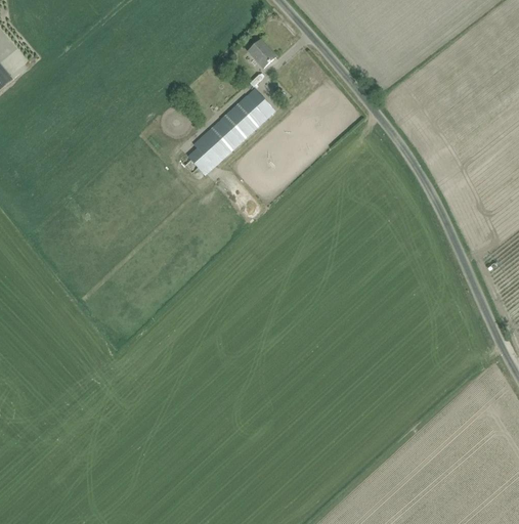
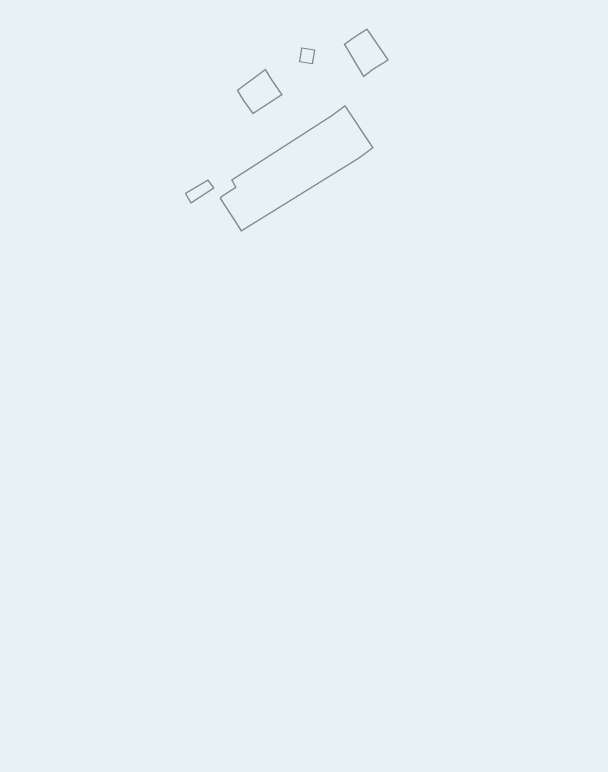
building: none -> [238,69,282,114]

